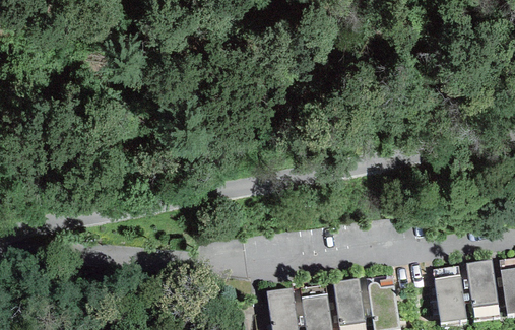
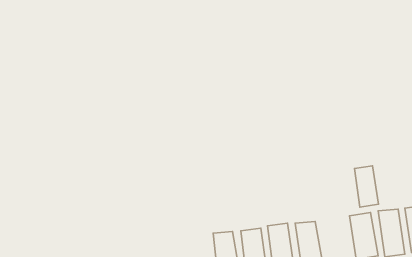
building: none -> [355,166,378,207]

